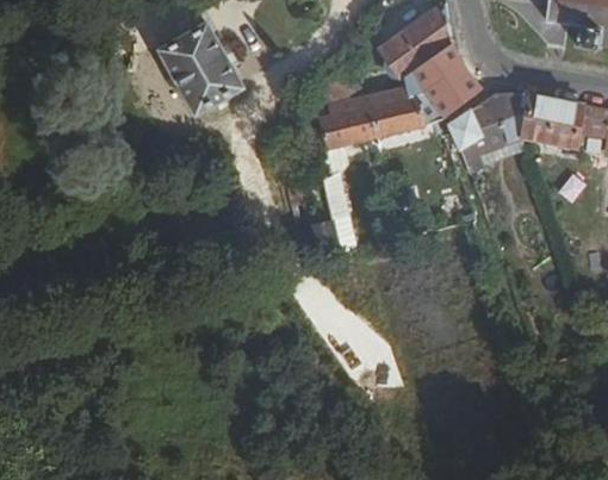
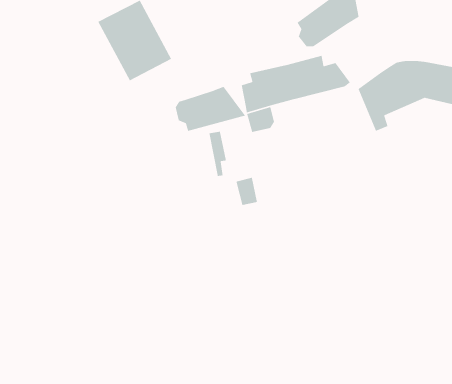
building: [408,52,472,117] -> none
building: none -> [175,86,247,132]

